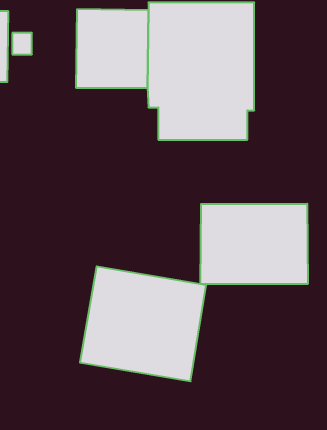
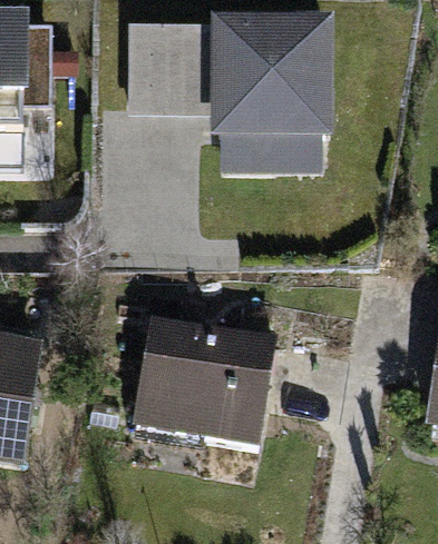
building: [201,204,308,284] -> none

